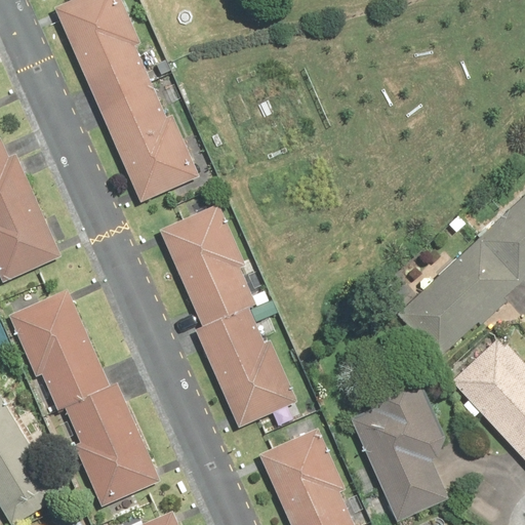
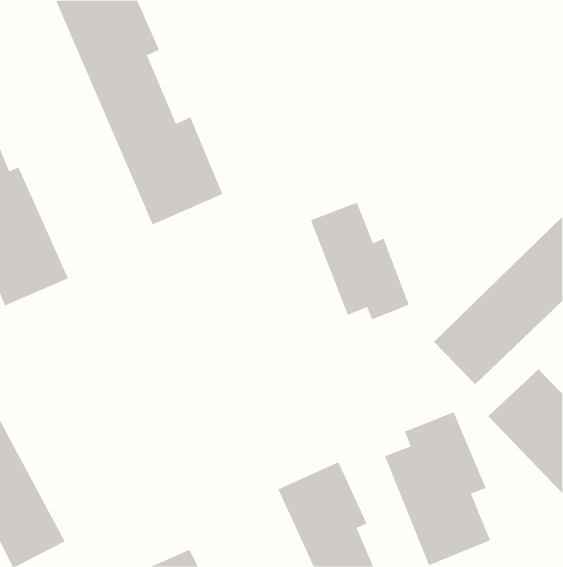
building: none -> [310,202,409,320]
building: [162,204,300,429] -> none
building: [13,295,163,507] -> none

